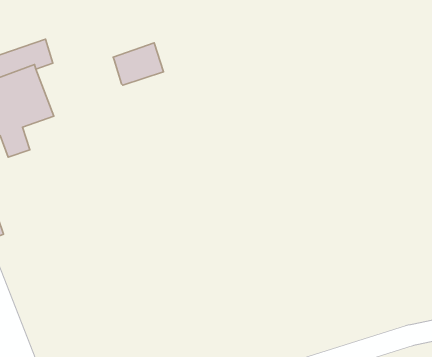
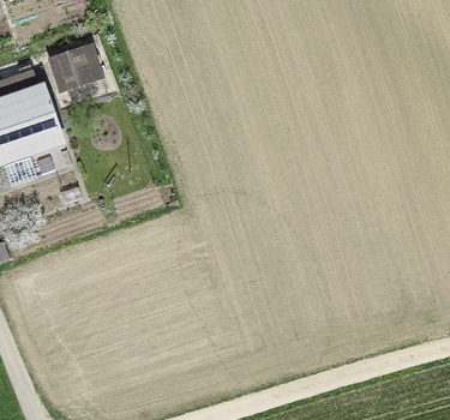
building: [113,43,164,85] -> [53,49,103,91]

